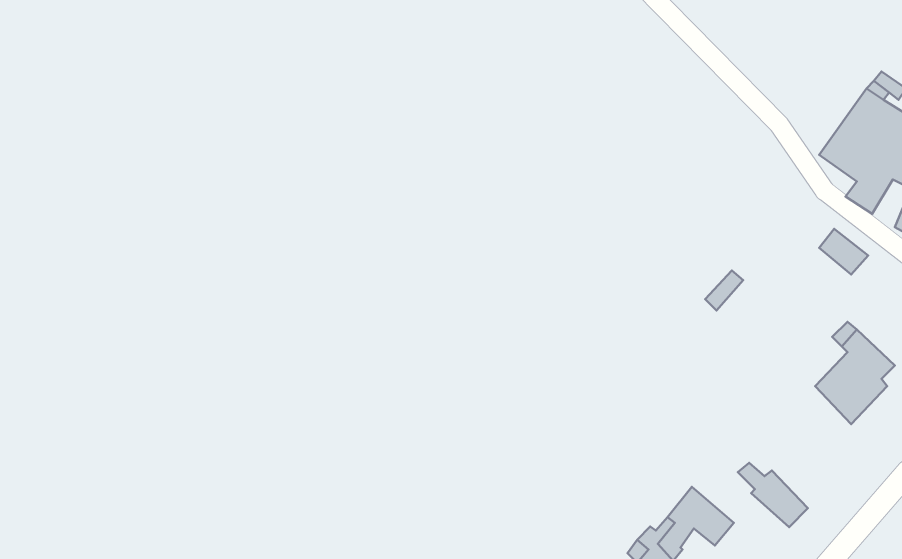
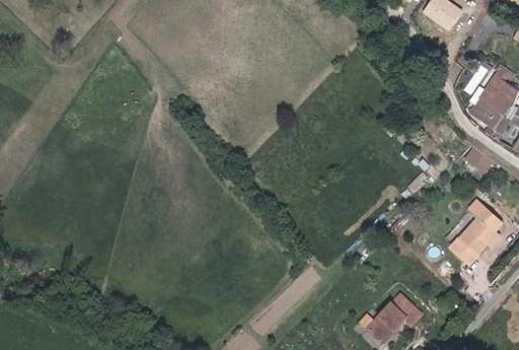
building: [738,463,808,527] -> [445,230,483,265]

